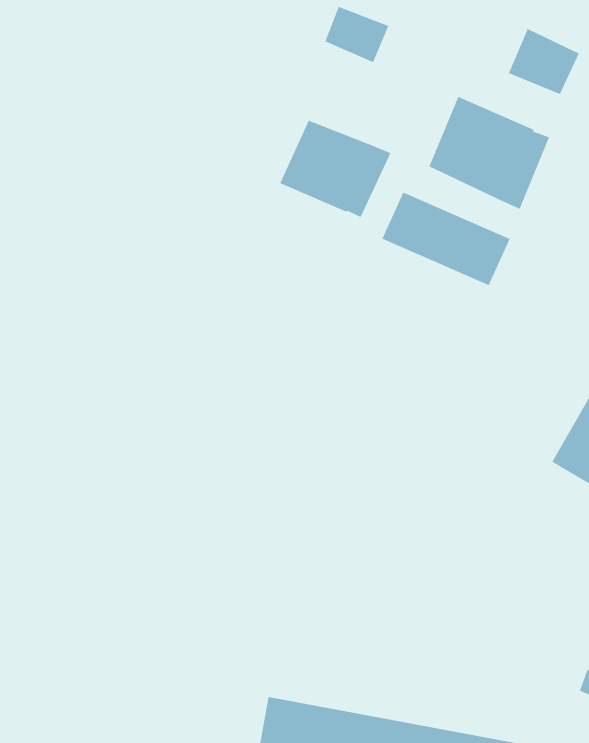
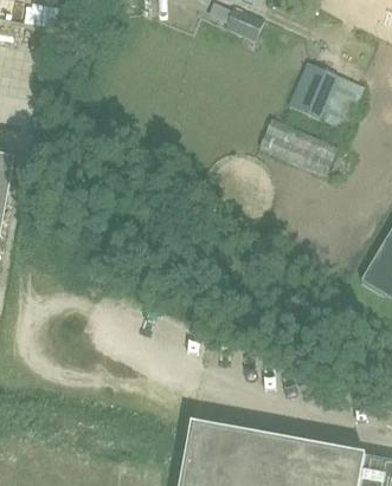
building: [508,28,580,95] -> none
building: [280,120,391,218] -> none

